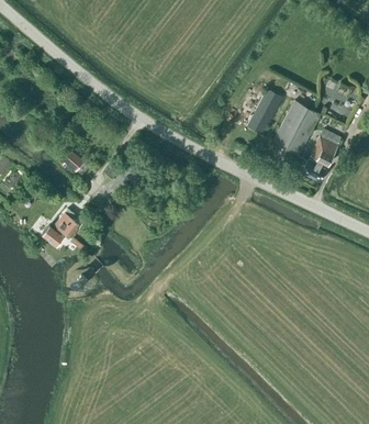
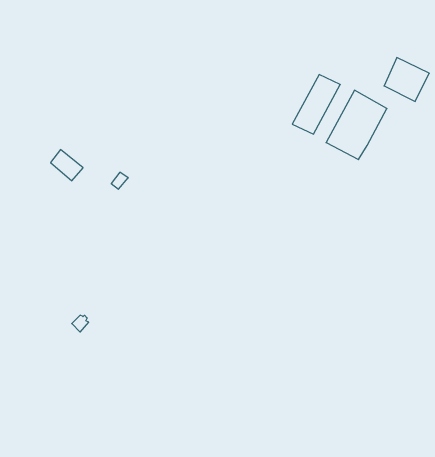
building: [301,129,340,182] -> none
building: [42,209,79,246] -> none

